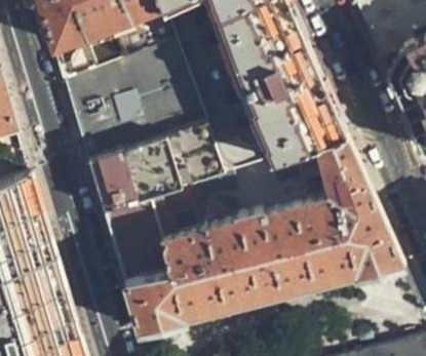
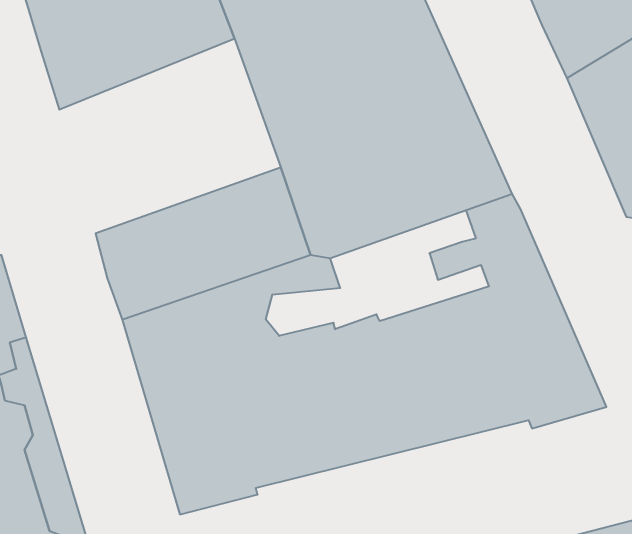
building: [65,37,202,158] -> none

